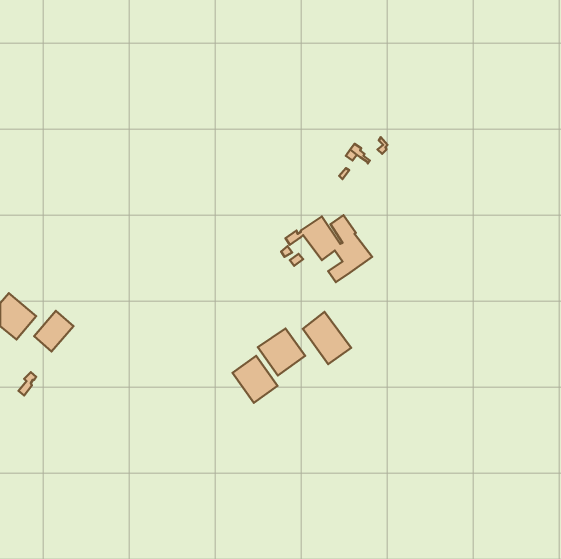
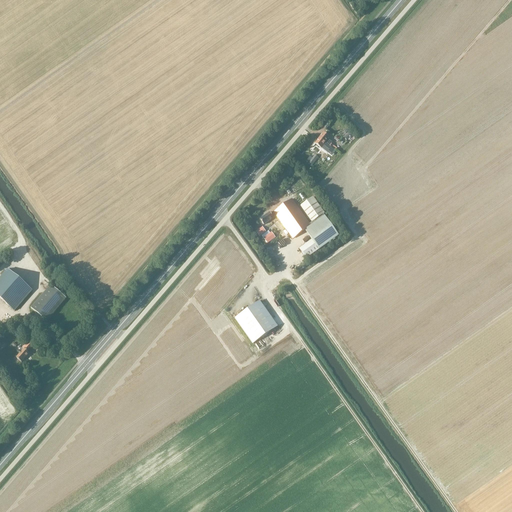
building: [303,312,351,364] -> none
building: [232,356,277,403] -> none

